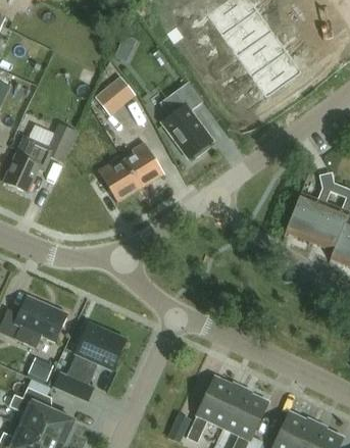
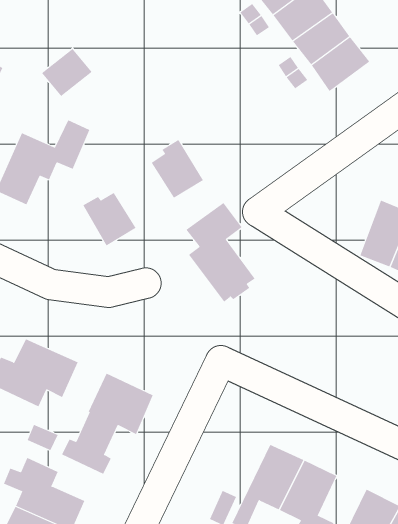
building: [95,77,135,114] -> [41,48,93,97]
building: [159,82,213,159] -> [186,202,256,302]
building: [99,159,141,201] -> [83,192,137,246]

